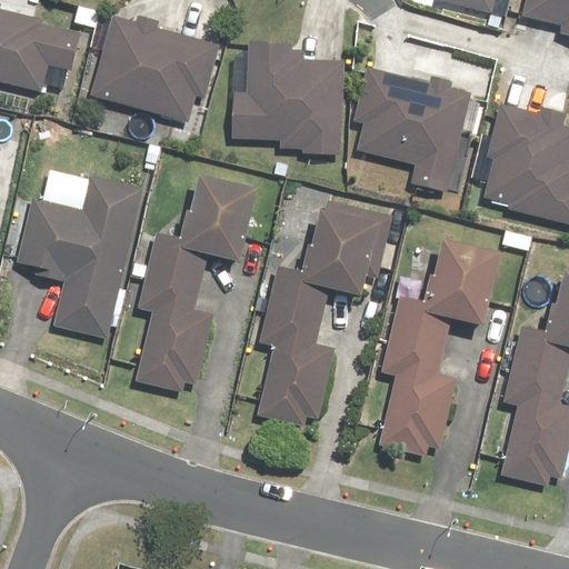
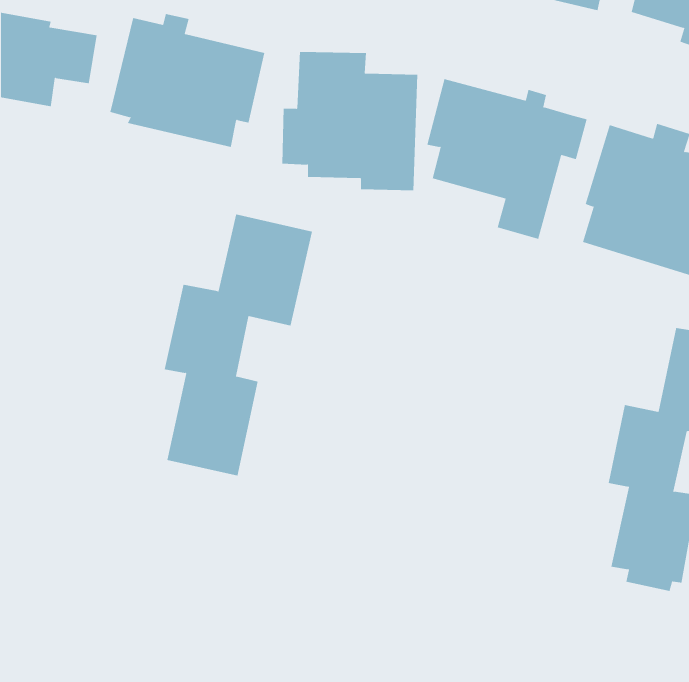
building: [17,173,146,336] -> none
building: [259,208,380,423] -> none
building: [378,239,500,453] -> none

